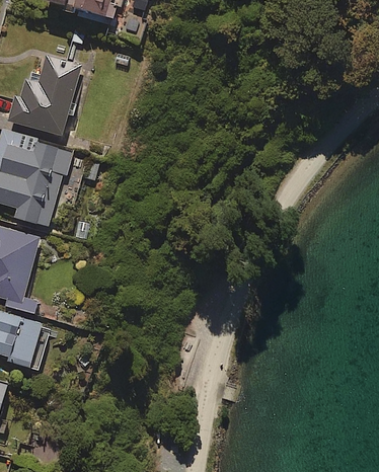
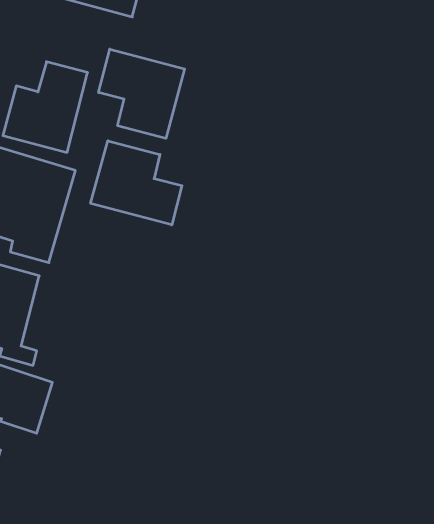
building: none -> [99,49,185,138]
building: none -> [91,141,182,225]

